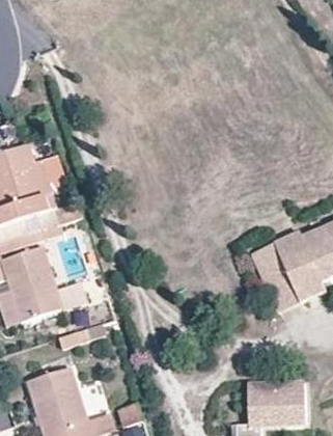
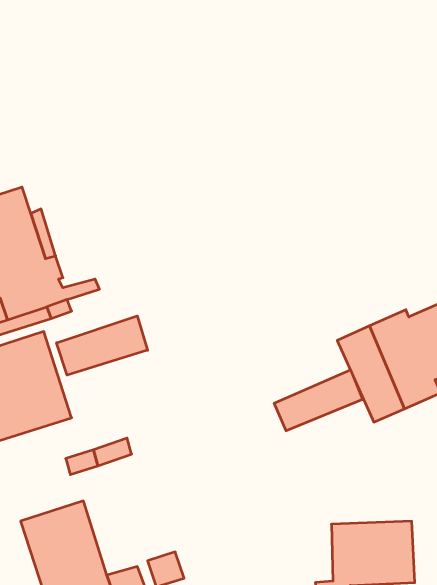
building: none -> [57,316,148,375]
building: none -> [274,370,362,431]

